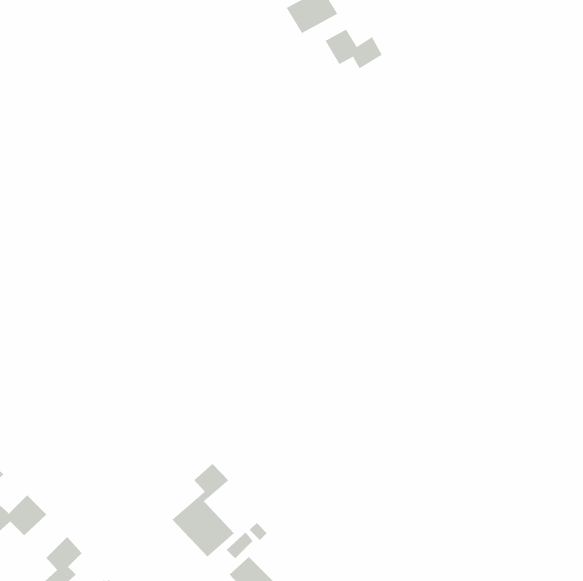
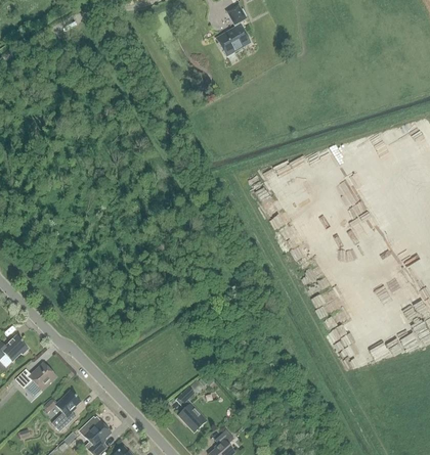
building: [325,29,382,69] -> none
building: [171,463,235,558] -> none

